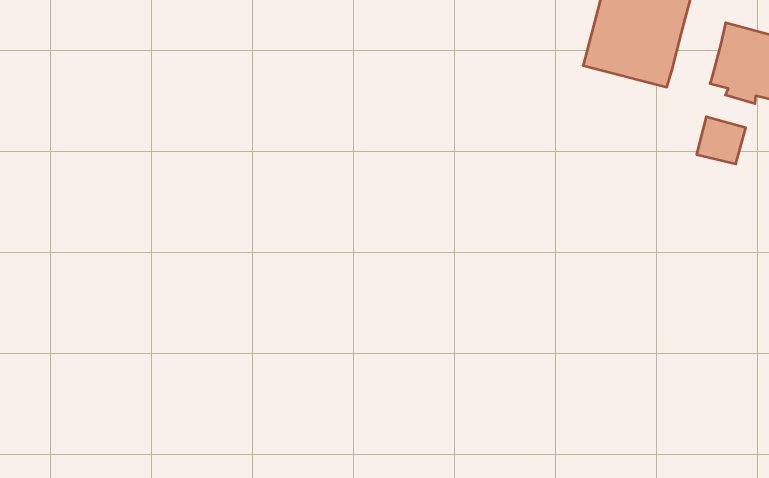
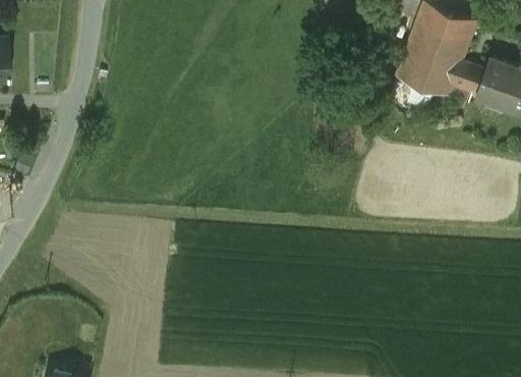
building: [697,117,746,164] -> [453,63,485,95]

